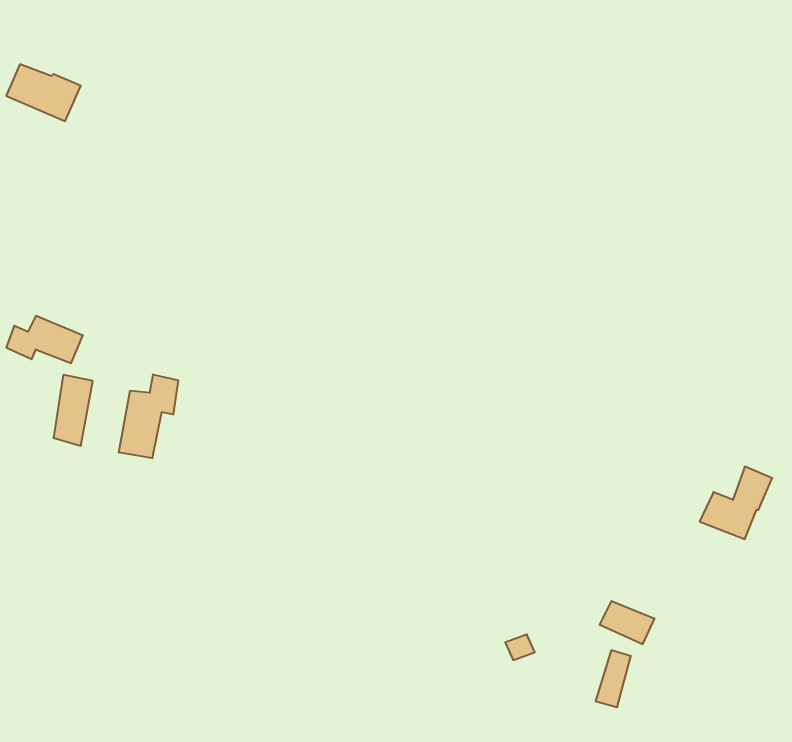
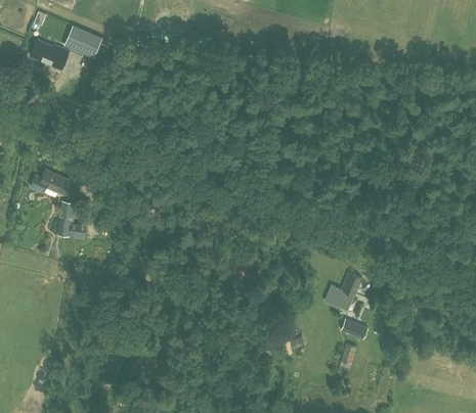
building: none -> [63,25,102,58]
building: [119,374,178,458] -> none
building: [700,467,772,539] -> [324,271,362,309]

